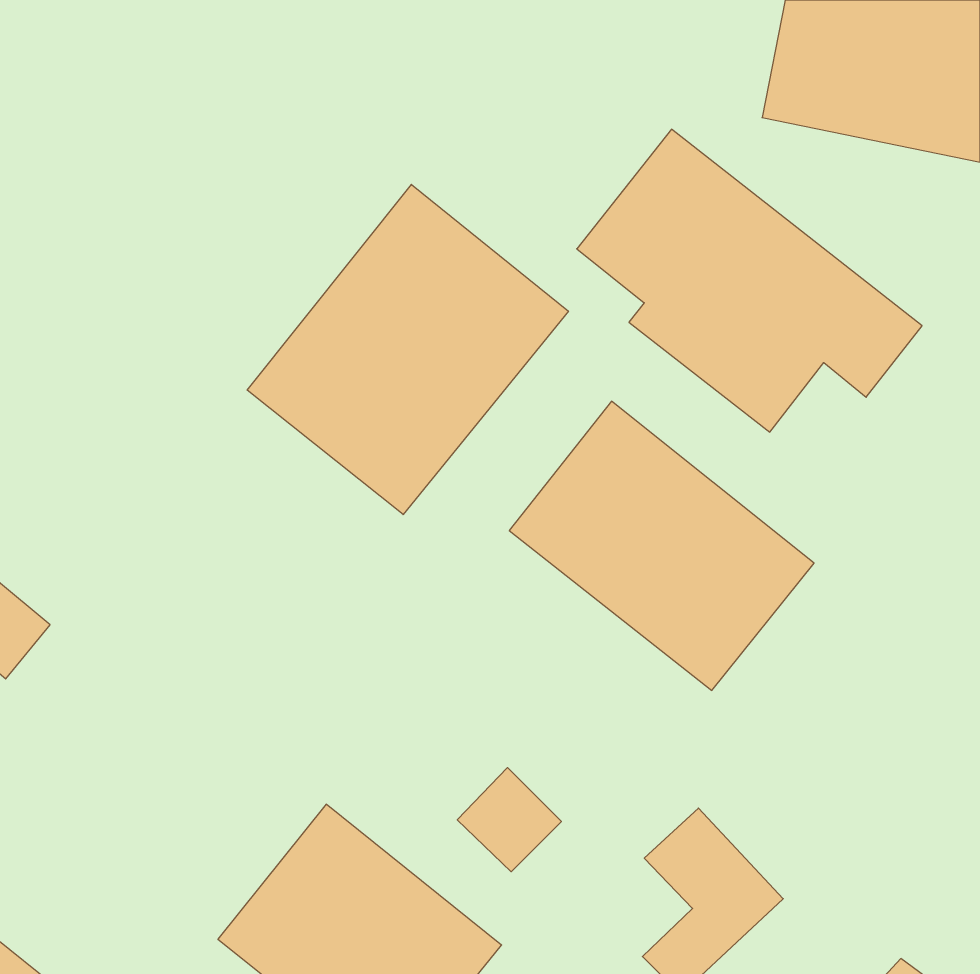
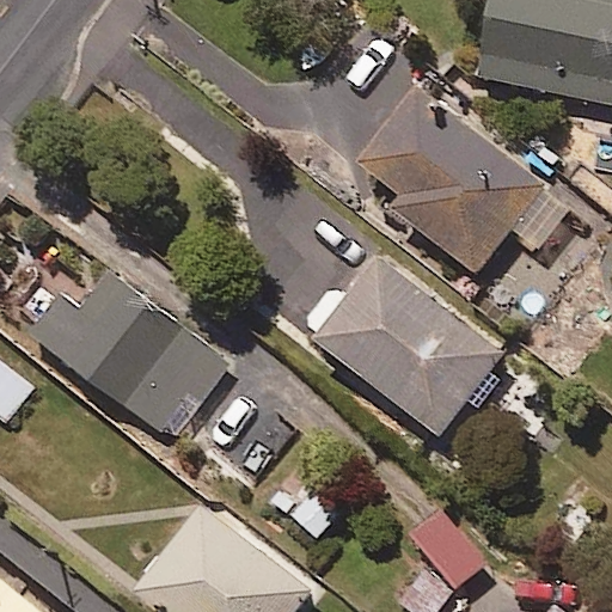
building: [247,184,568,515] -> none
building: none -> [48,273,220,437]

